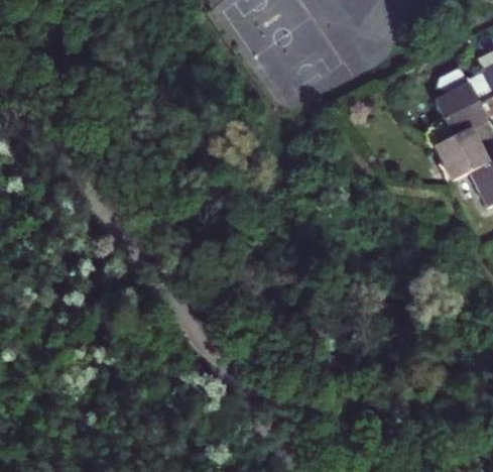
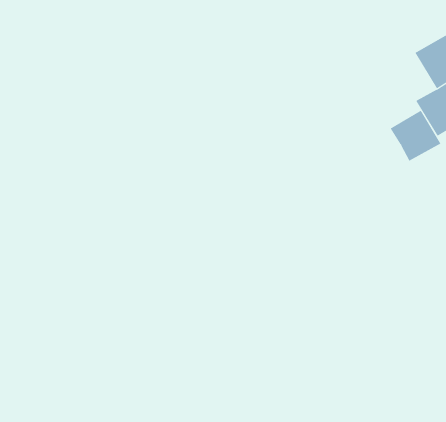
building: none -> [390,110,441,162]

